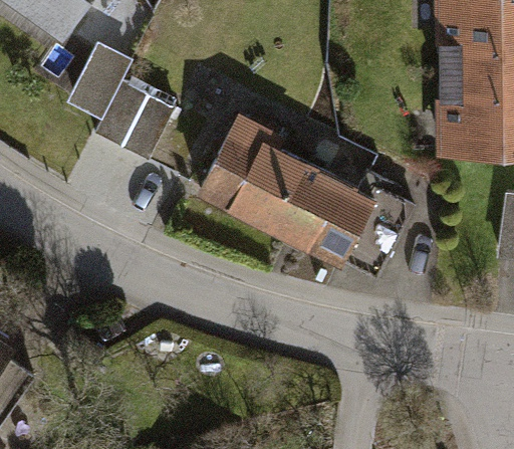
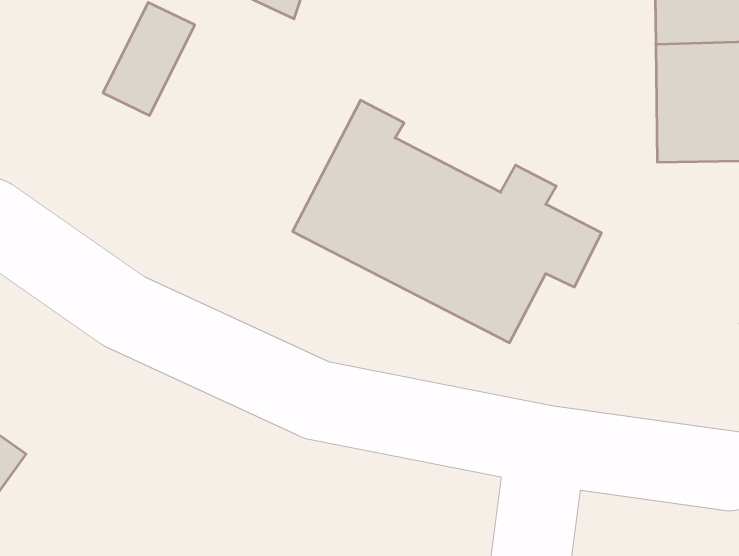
building: [95,79,176,160] -> none

